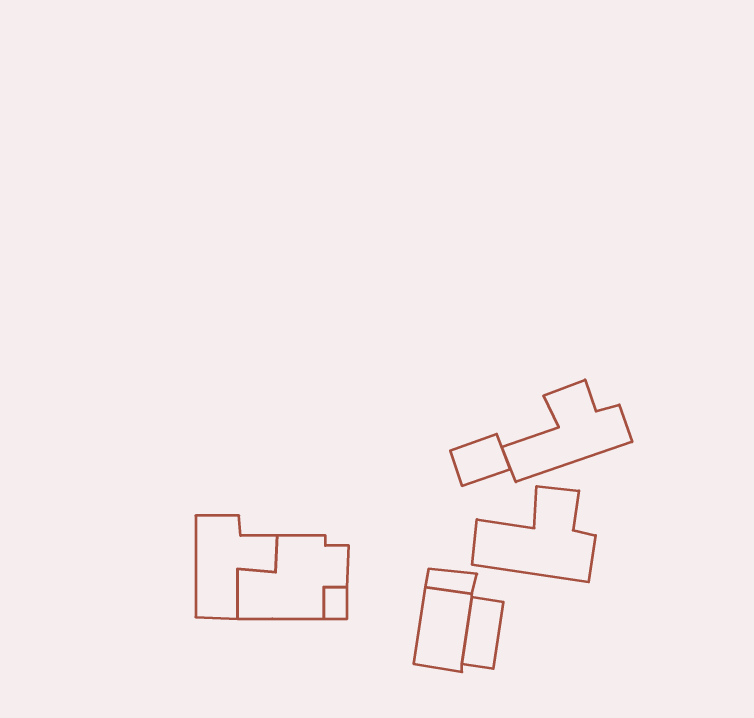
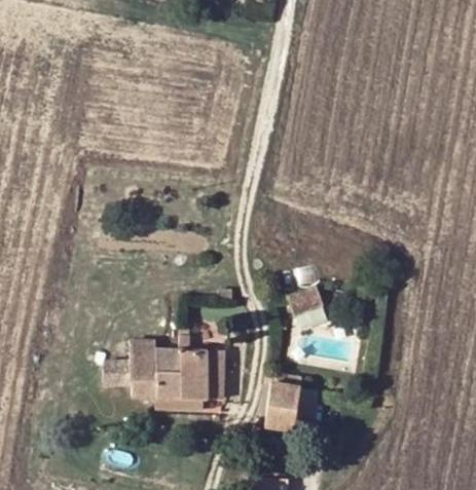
building: [502,380,632,482] -> none
building: [472,486,596,582] -> none

